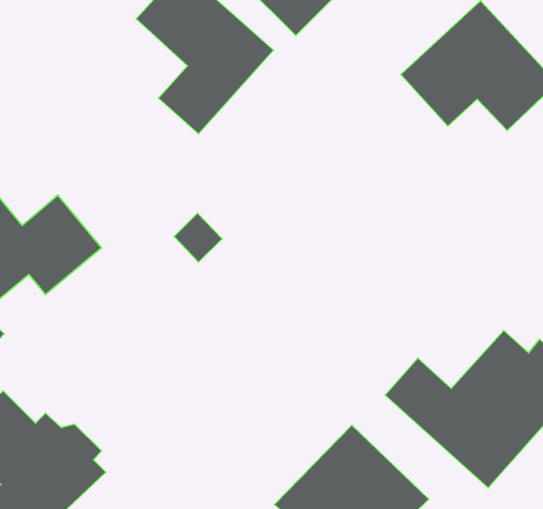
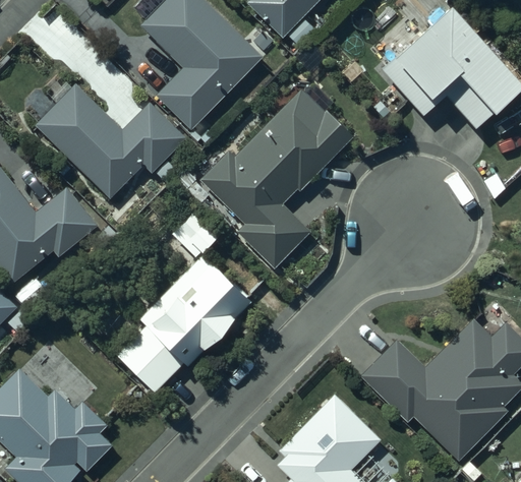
building: none -> [38,89,194,193]
building: none -> [201,91,350,275]
building: none -> [119,254,257,385]

